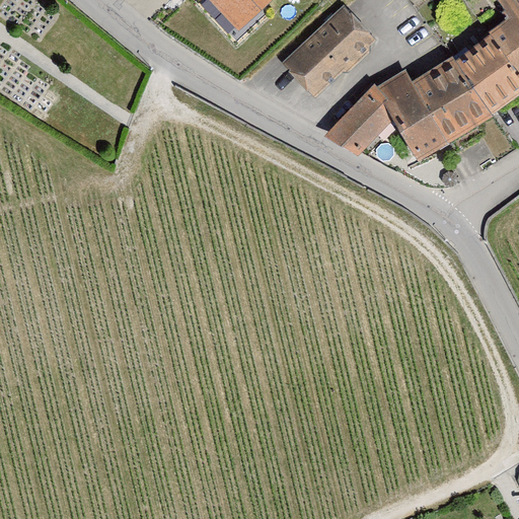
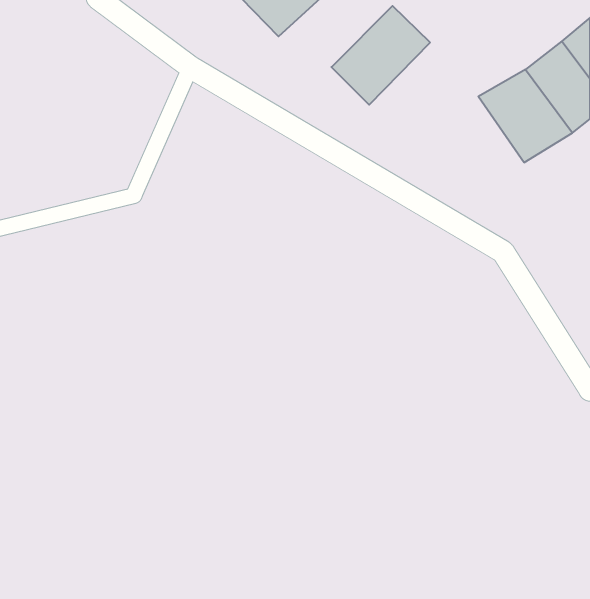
building: [331,69,452,164] -> none

